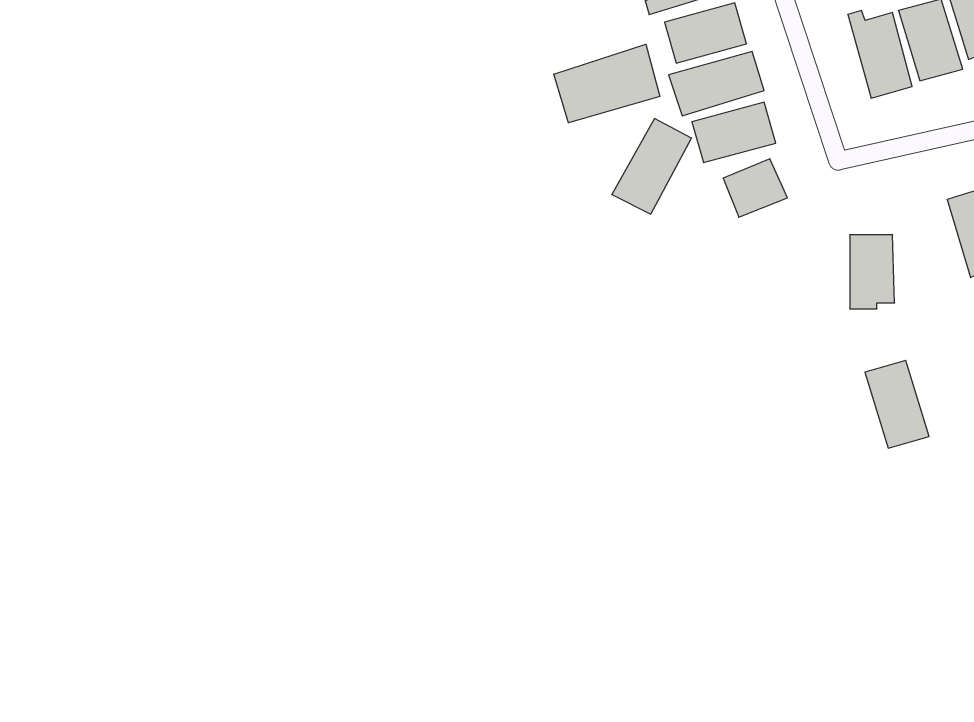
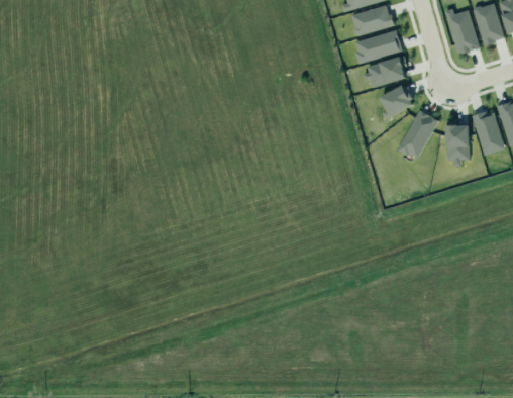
building: [554,44,660,123] -> none
building: [612,119,692,214] -> [397,110,438,160]
building: [865,360,929,448] -> [472,110,505,156]

